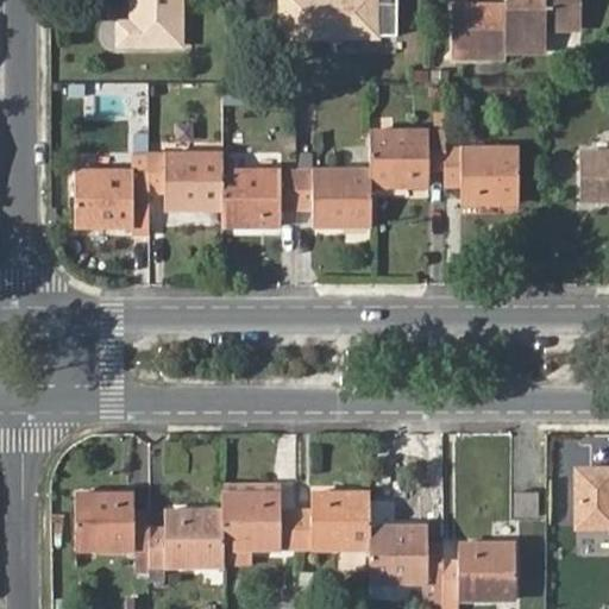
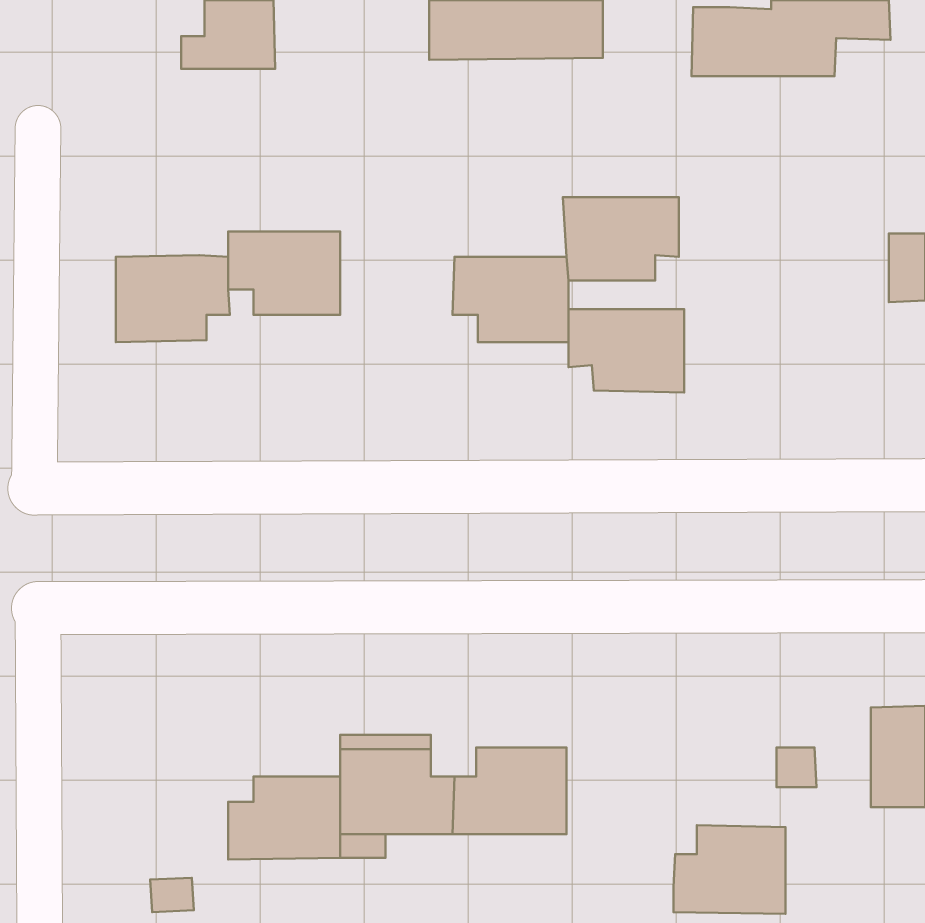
building: [446,149,522,203] -> [568,309,684,392]
building: [224,170,299,226] -> none
building: [76,494,150,550] -> none
building: [368,526,444,601] -> none

